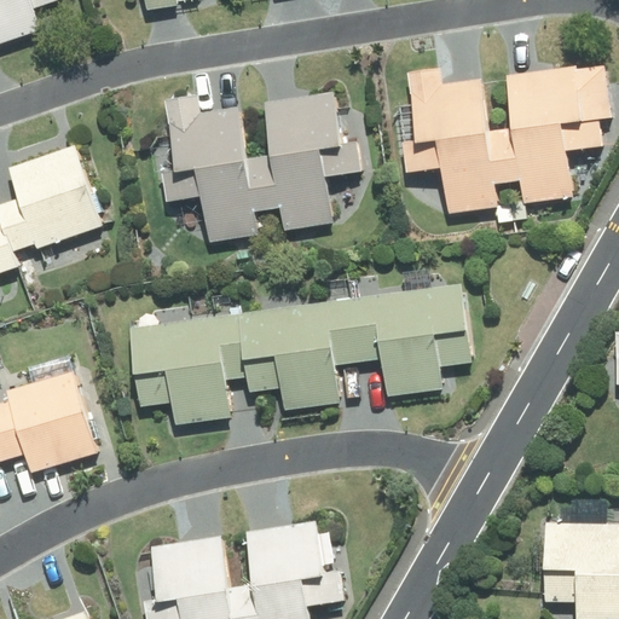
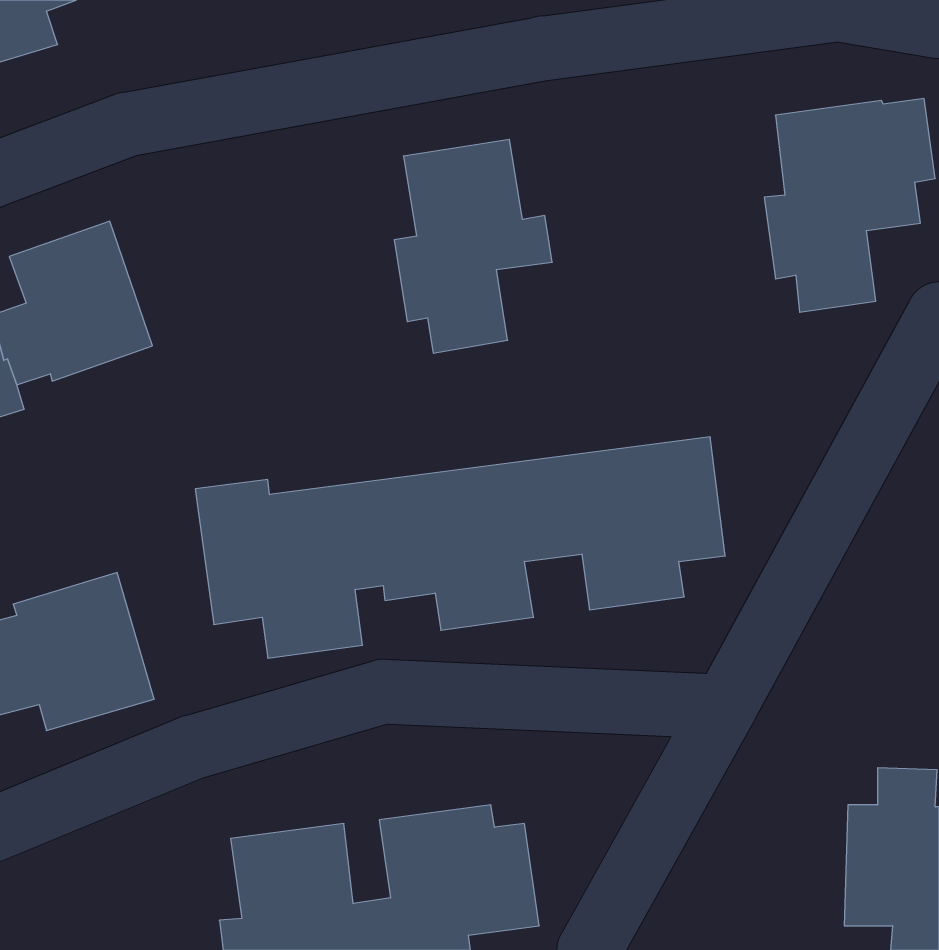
building: [400,64,504,212] -> none
building: [160,93,265,241] -> none

